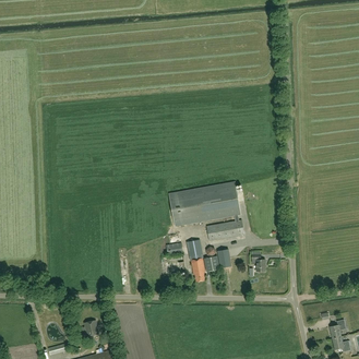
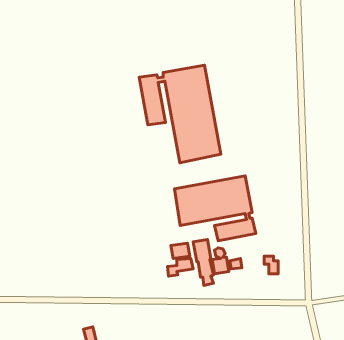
building: none -> [139,65,221,163]

